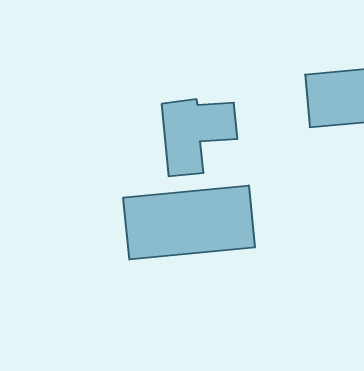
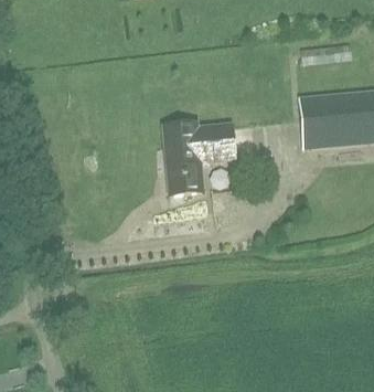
building: [123,185,255,260] -> none

